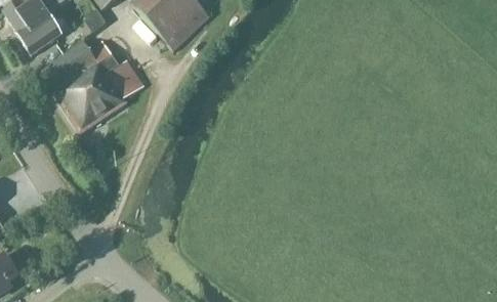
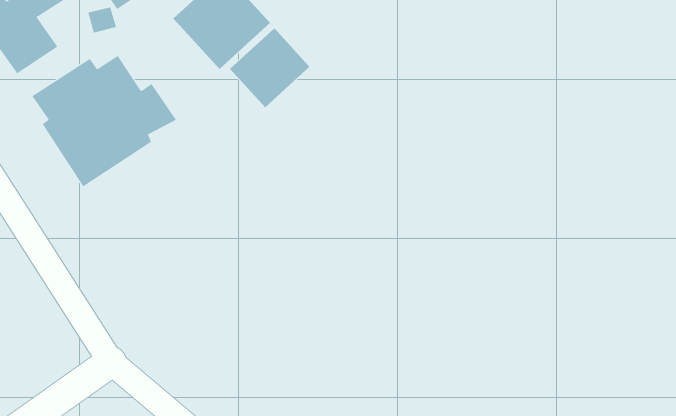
building: none -> [229,28,310,108]

